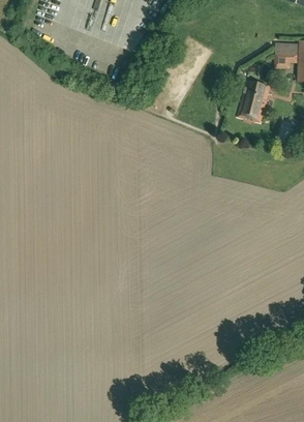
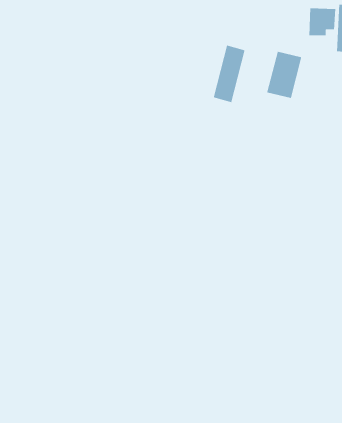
building: none -> [213,45,245,103]

